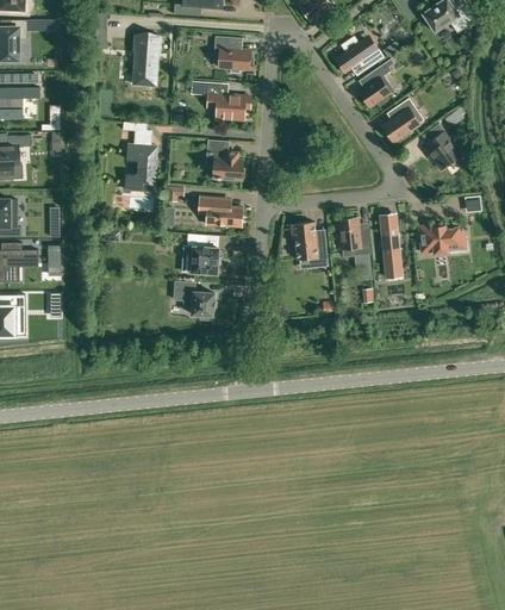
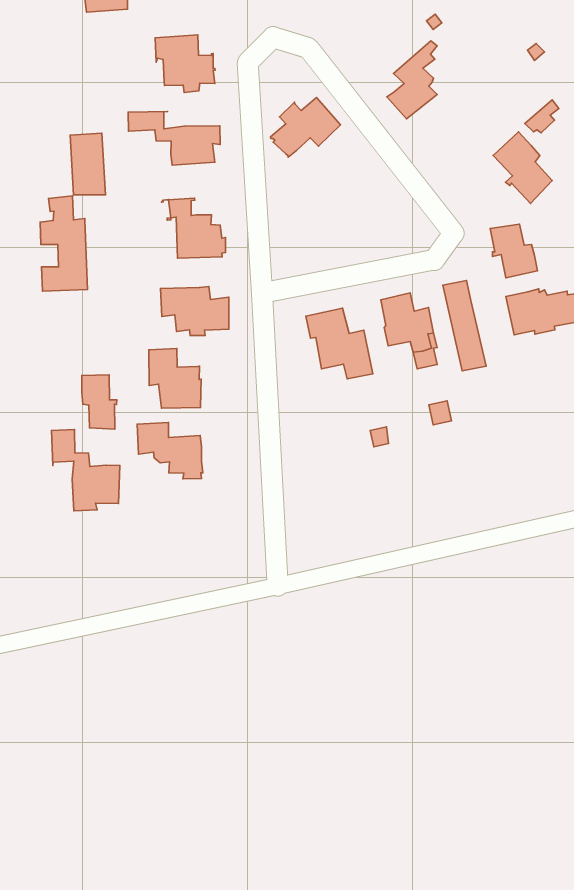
building: [335,36,380,71] -> [271,98,340,157]
building: [133,37,156,77] -> [70,133,105,195]
building: [381,98,418,141] -> none
building: none -> [490,224,537,278]
building: none -> [82,375,117,429]
building: none -> [51,430,120,511]

